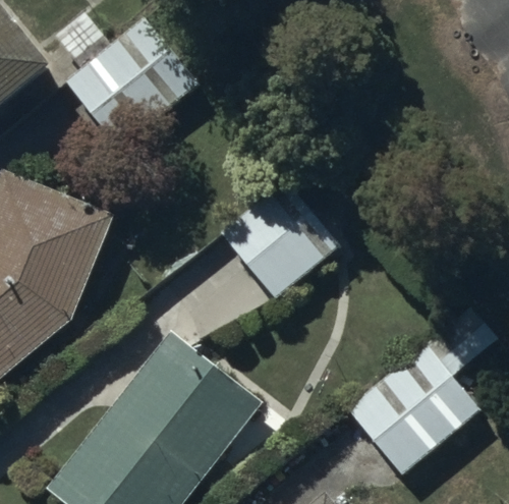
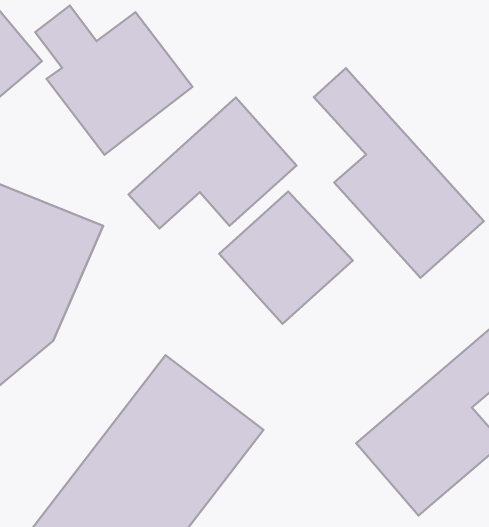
building: none -> [314,68,484,278]
building: none -> [129,98,297,229]

